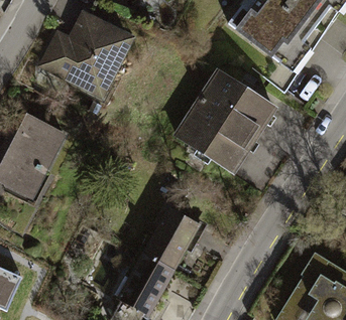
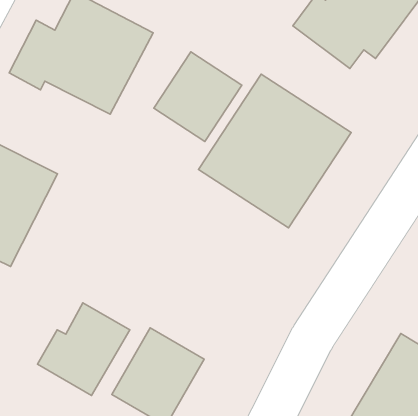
building: none -> [154,52,242,141]
building: [138,204,204,270] -> [37,303,130,395]

